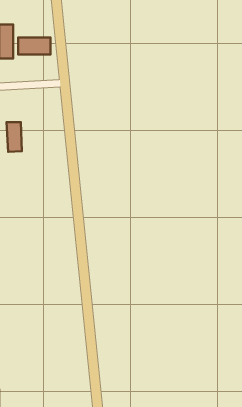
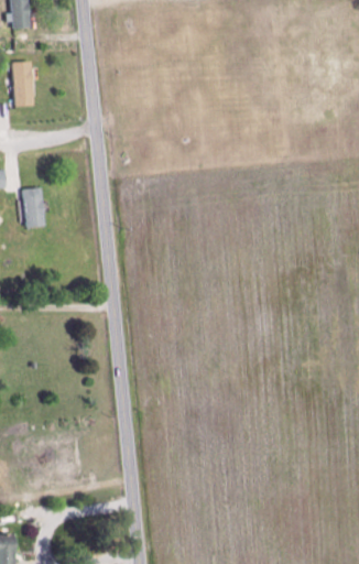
building: [18,38,51,55] -> none

